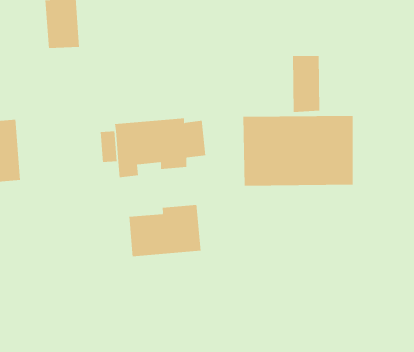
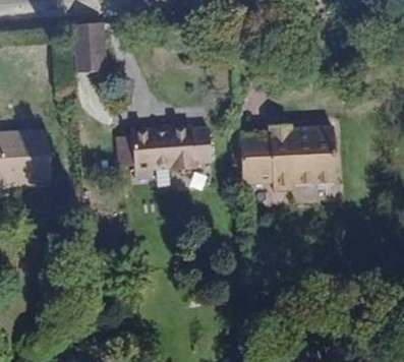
building: [293,55,320,113] -> none
building: [129,204,201,257] -> none

